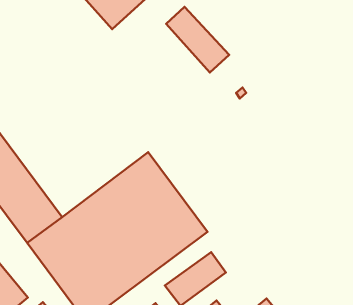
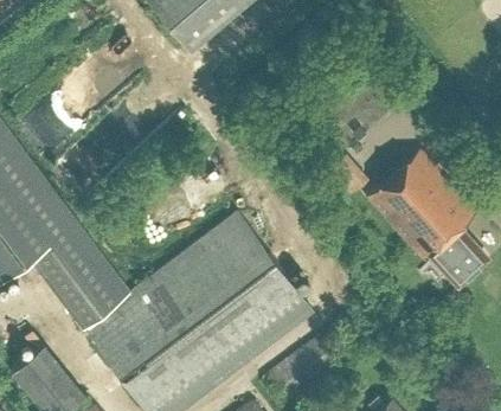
building: [166,7,229,72] -> none
building: none -> [367,152,486,288]

